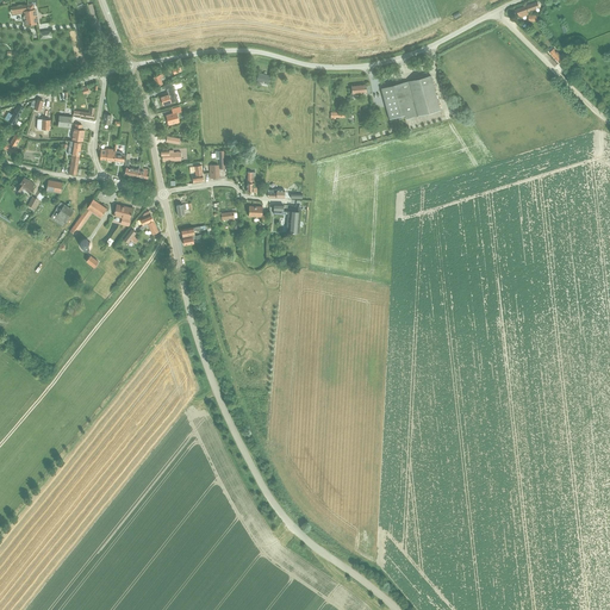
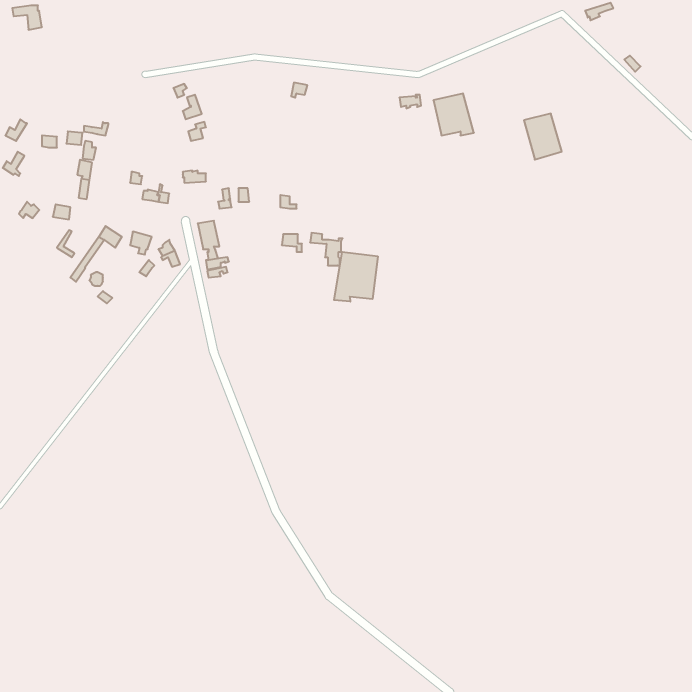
building: [407,76,441,117] -> [524,114,562,160]
building: none -> [334,252,378,302]

